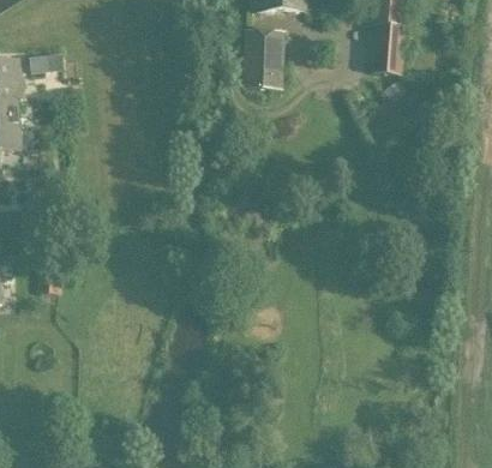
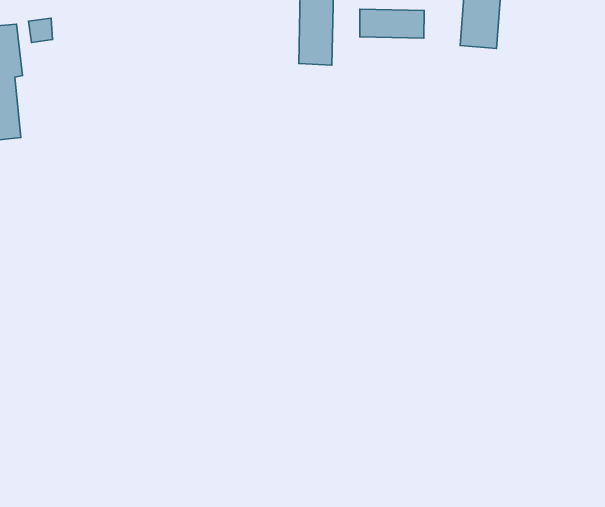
building: none -> [360,9,424,38]

